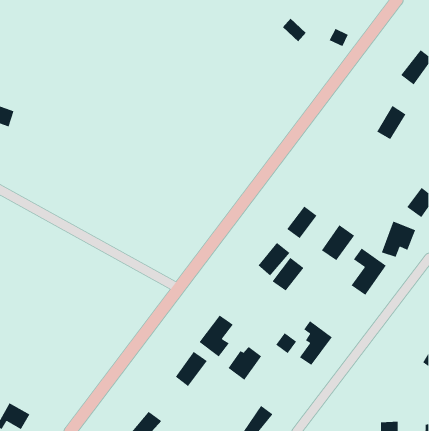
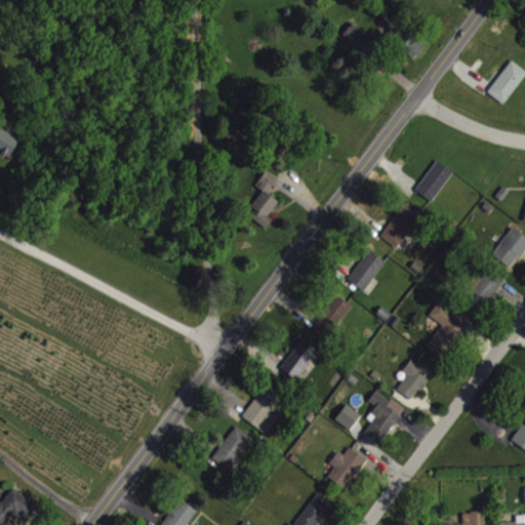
building: [376,105,407,140] -> [415,160,452,203]
building: none -> [248,170,278,229]
building: none -> [379,210,415,248]
building: [321,224,355,261] -> none
building: [272,257,305,292] -> [279,338,319,380]
building: none -> [397,358,433,401]
building: [228,346,262,381] -> [324,448,366,490]

